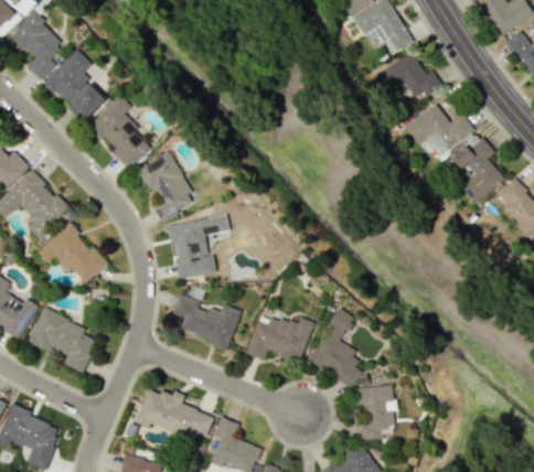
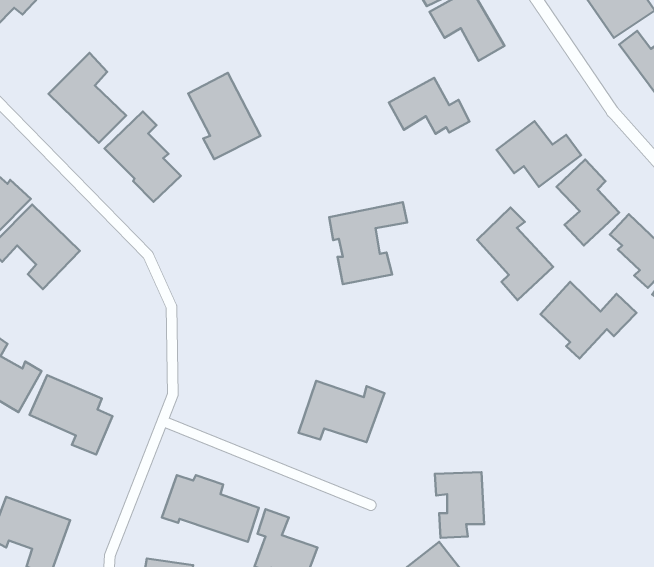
building: [9,11,64,81] -> none
building: [376,52,441,97] -> [389,78,470,134]
building: [139,151,197,221] -> [188,73,261,159]
building: none -> [477,208,553,300]
building: [167,213,229,279] -> [329,202,407,284]
building: [35,223,105,282] -> none
building: none -> [540,282,636,358]
building: [171,292,241,347] -> none
building: [307,307,362,387] -> none

